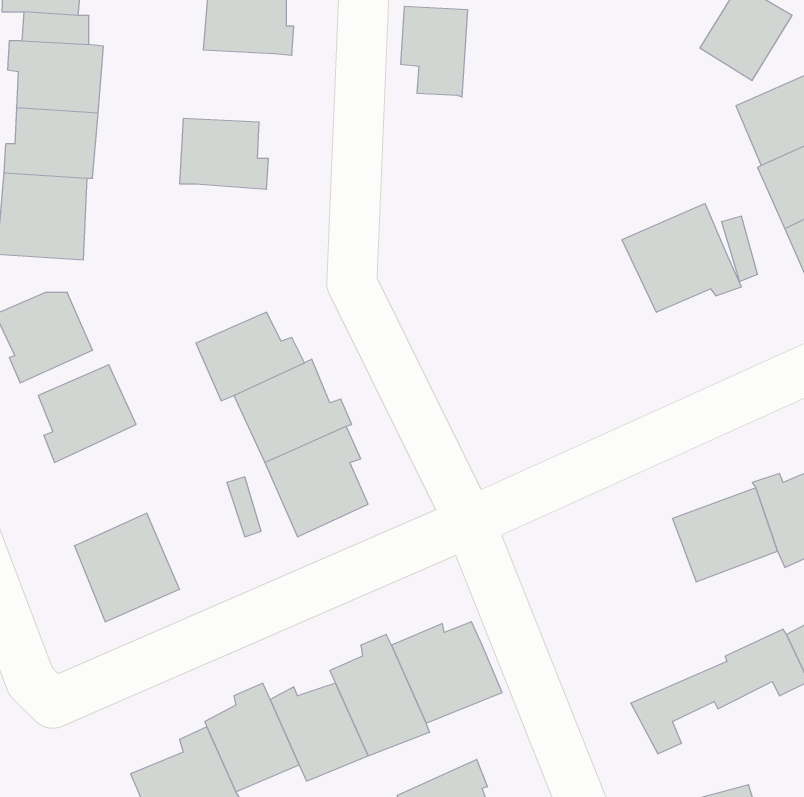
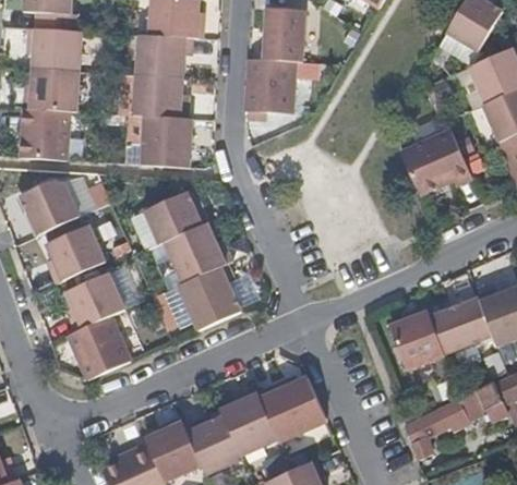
building: none -> [133,34,188,77]
building: none -> [242,58,298,112]
building: none -> [137,114,189,167]
building: none -> [68,270,124,329]
building: none -> [389,305,443,371]

